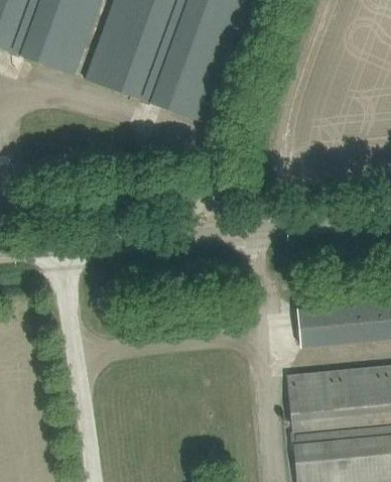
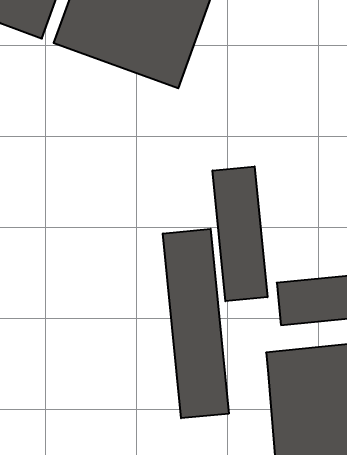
building: none -> [213,166,267,301]
building: none -> [163,229,229,418]

